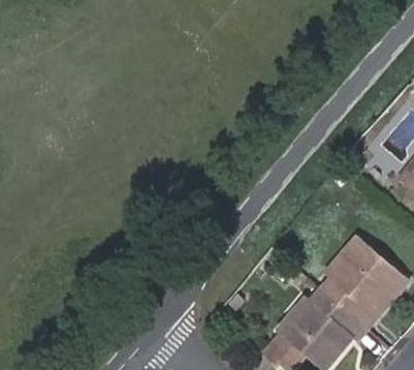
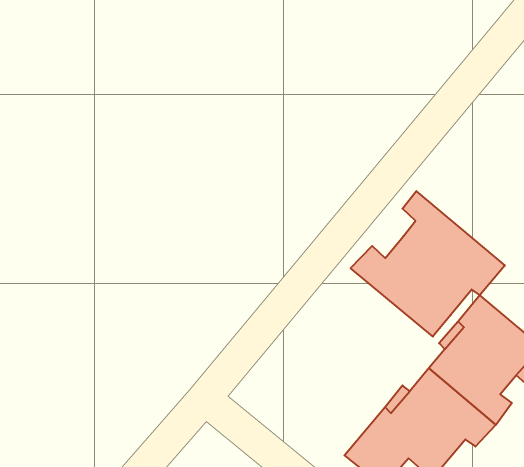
building: none -> [351,191,505,337]

